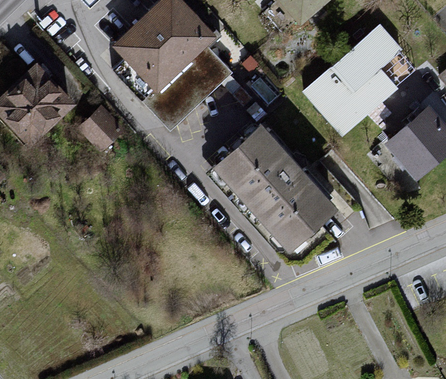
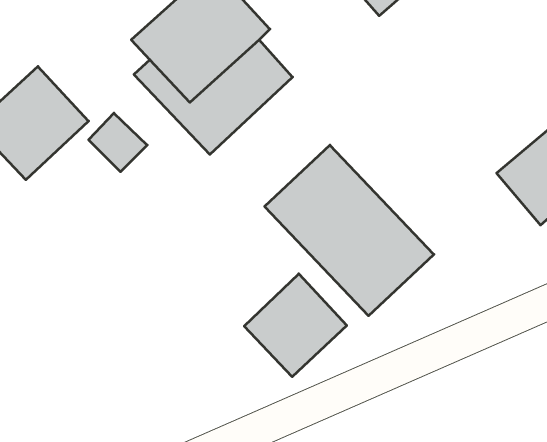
building: [301,22,404,138] -> none
building: none -> [244,274,347,377]

